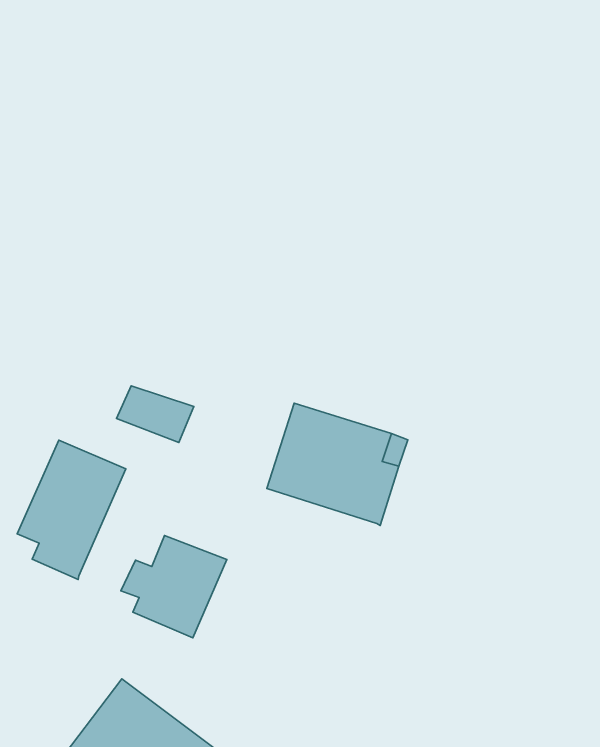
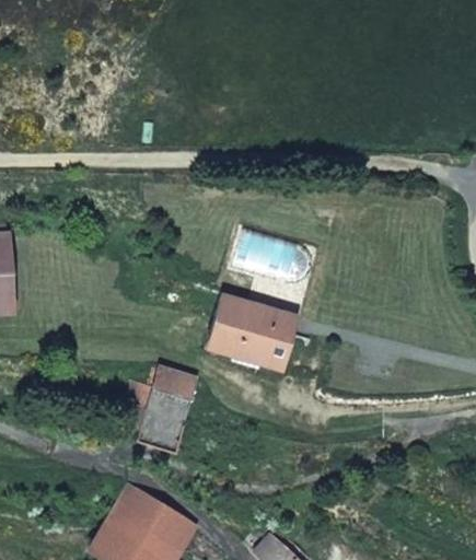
building: [117,386,194,442] -> [149,365,198,399]
building: [17,440,126,579] -> none

